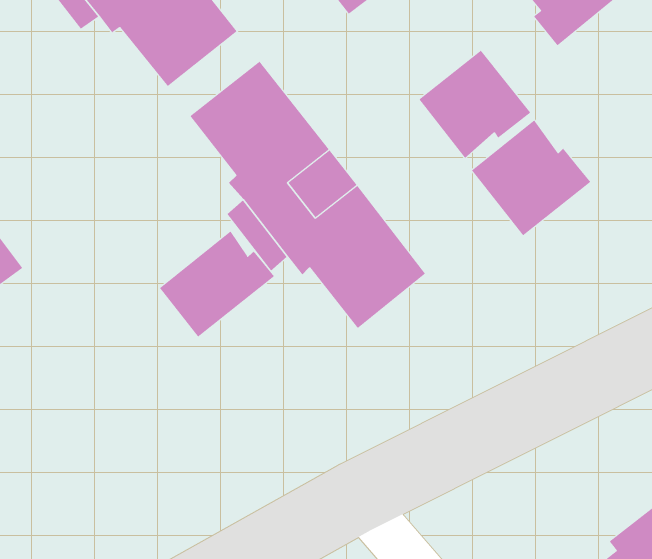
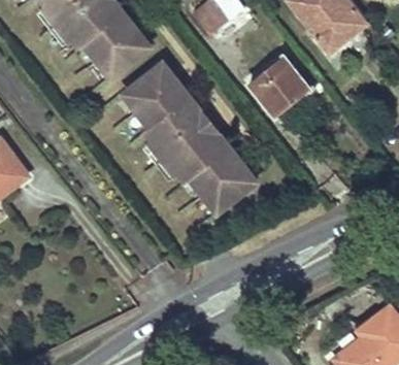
building: [471,119,591,236] -> none
building: [159,231,275,337] -> none

